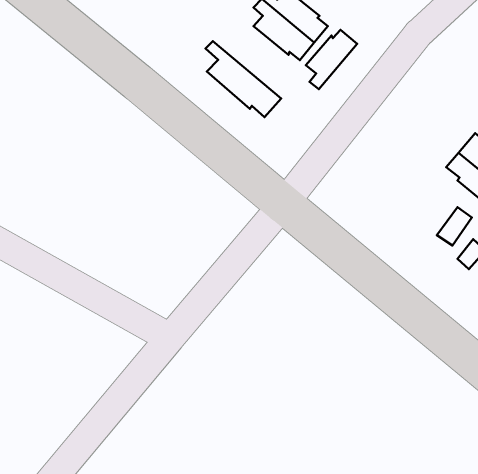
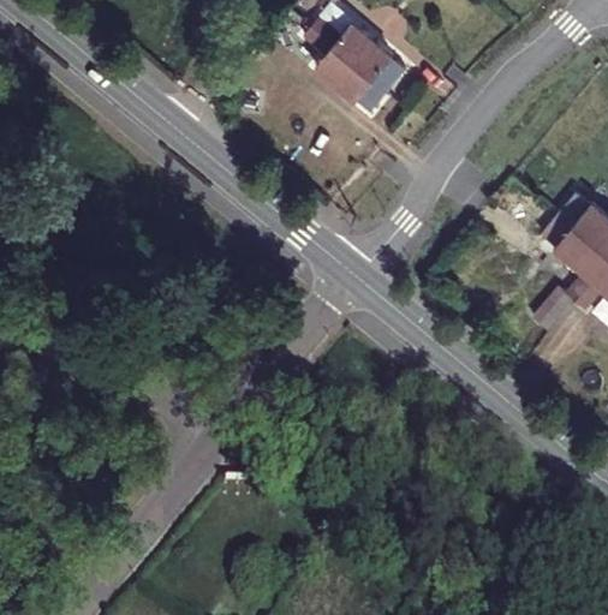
building: [306,30,357,89] -> none
building: [205,41,281,117] -> none

